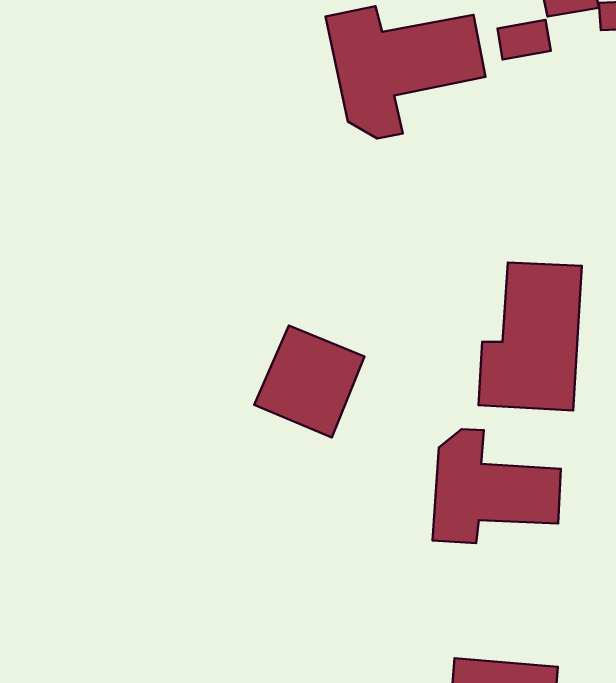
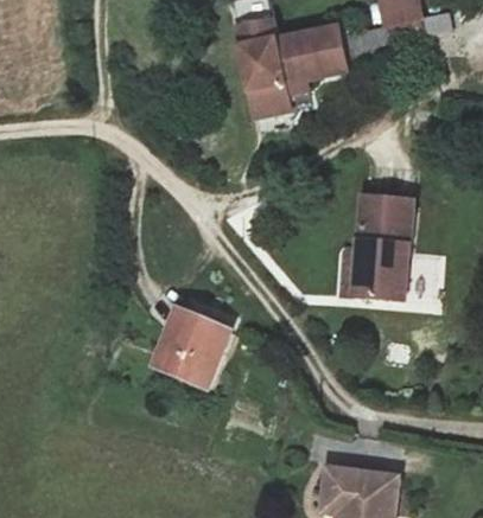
building: [254,326,364,437] -> [152,309,228,386]
building: [433,429,561,543] -> none

